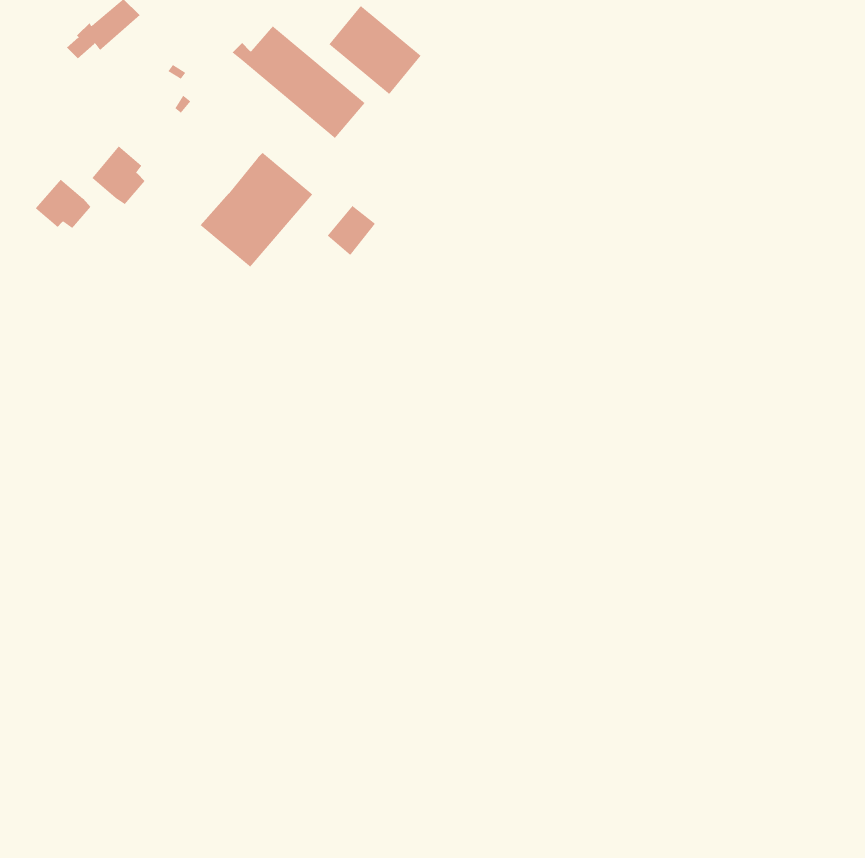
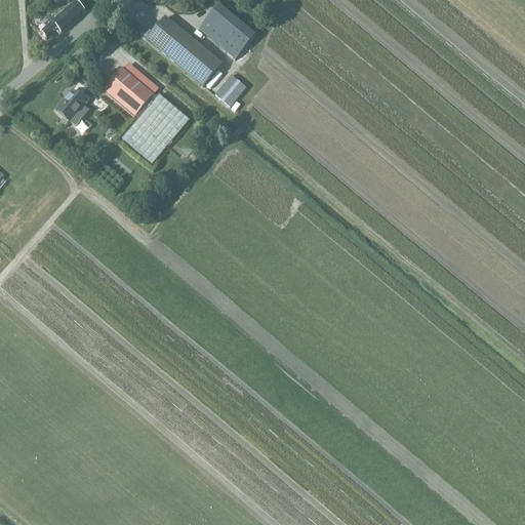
building: none -> [104,67,156,117]
building: [35,179,91,229] -> none
building: [327,205,376,256] -> [215,74,245,105]

